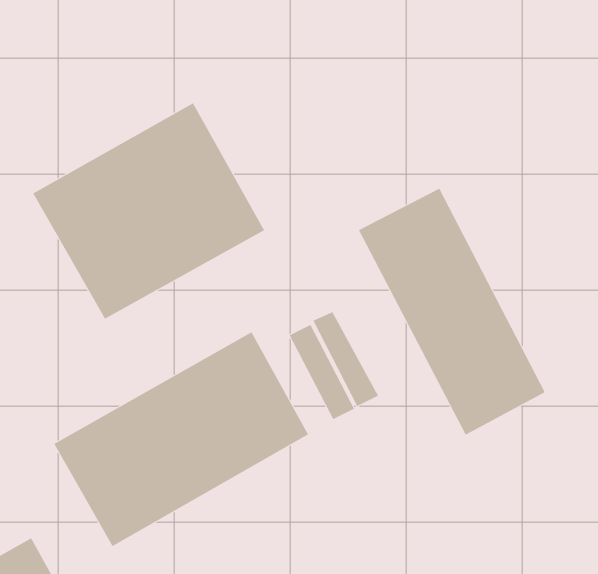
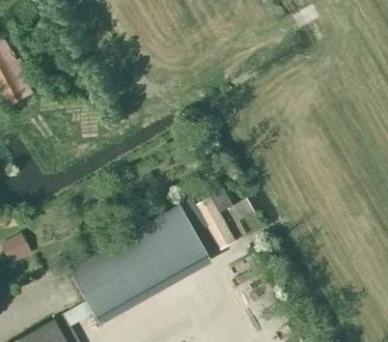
building: [33,102,265,320] -> none
building: [358,188,546,436] -> none

